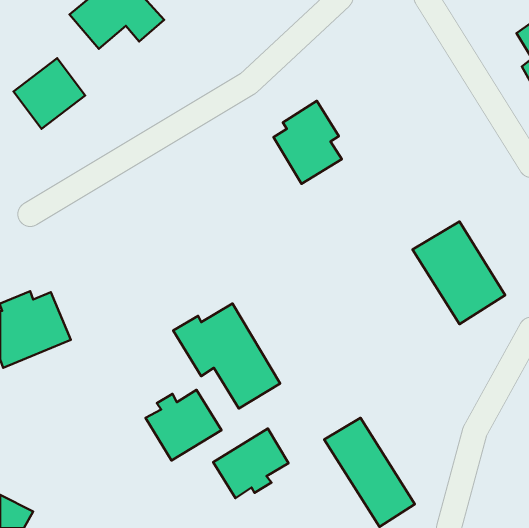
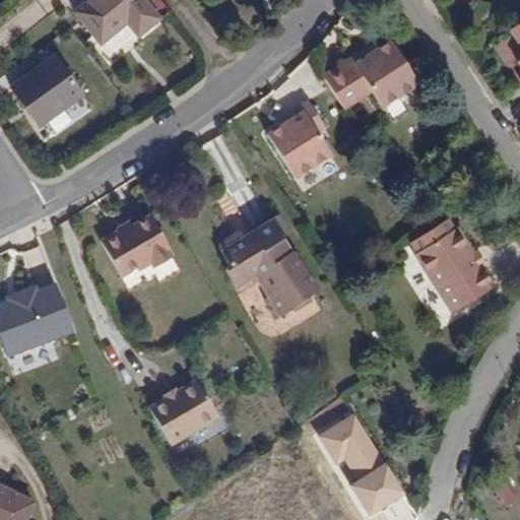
building: none -> [327,37,425,108]
building: none -> [98,214,170,279]
building: [173,303,280,408] -> [211,218,316,321]
building: [213,429,289,498] -> none

